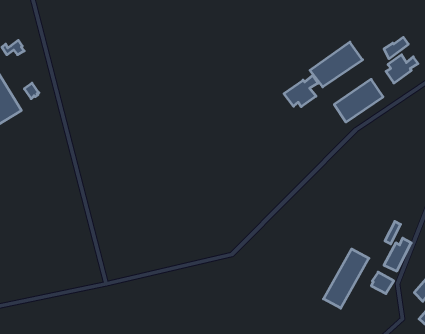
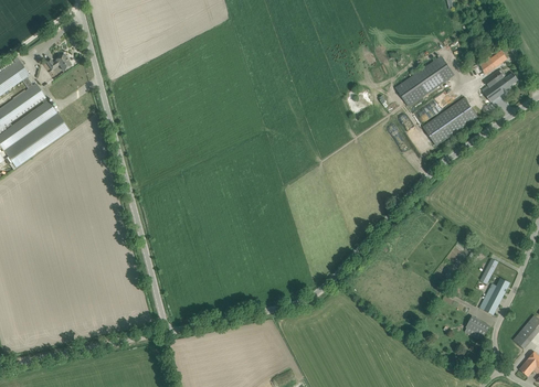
building: [284,76,318,107] -> none
building: [323,249,369,308] -> none

